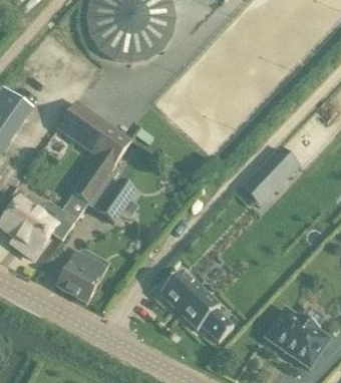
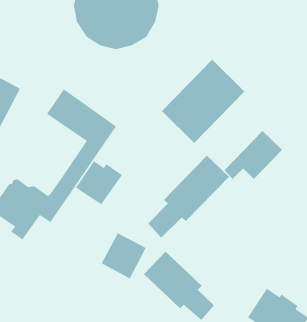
building: none -> [161,59,245,144]
building: none -> [147,155,230,238]
building: [57,254,104,302] -> [101,232,147,279]

